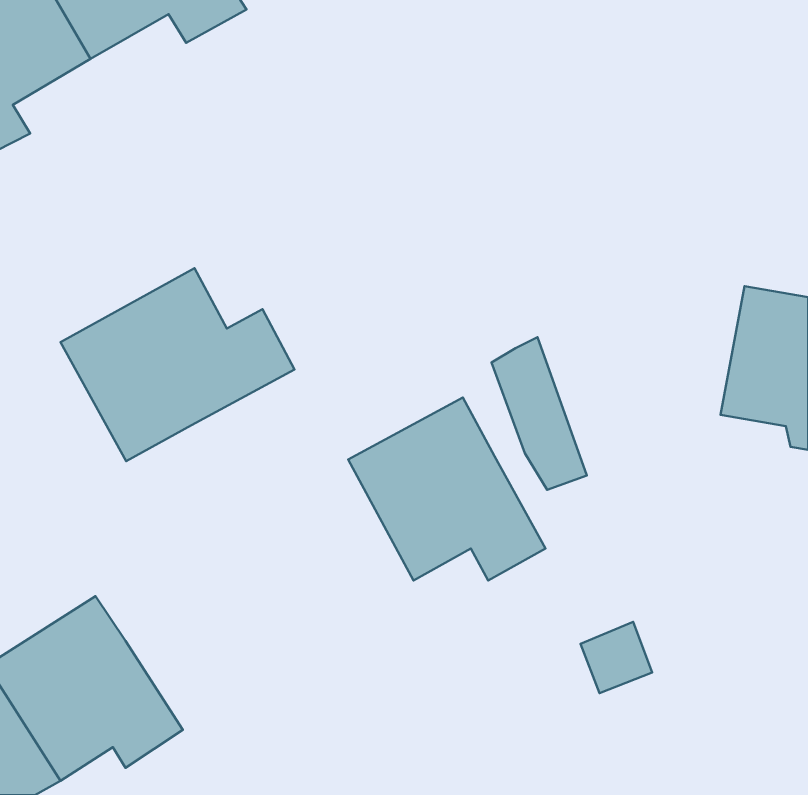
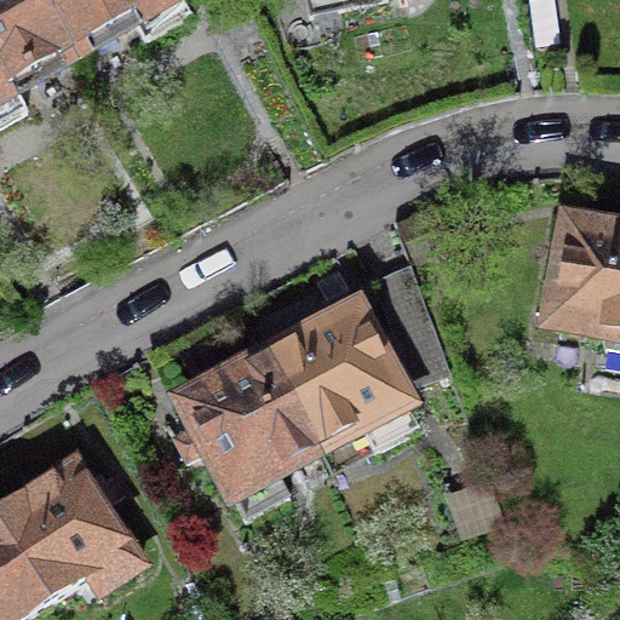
building: [61,268,295,461] -> none
building: none -> [173,350,315,511]

